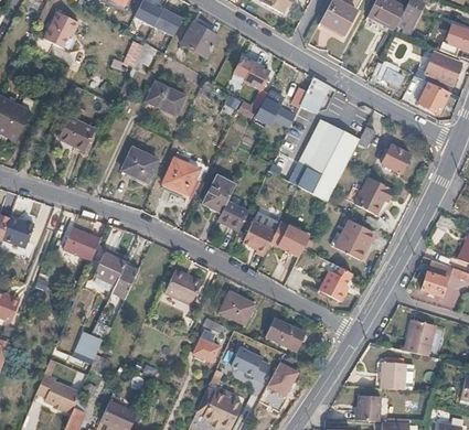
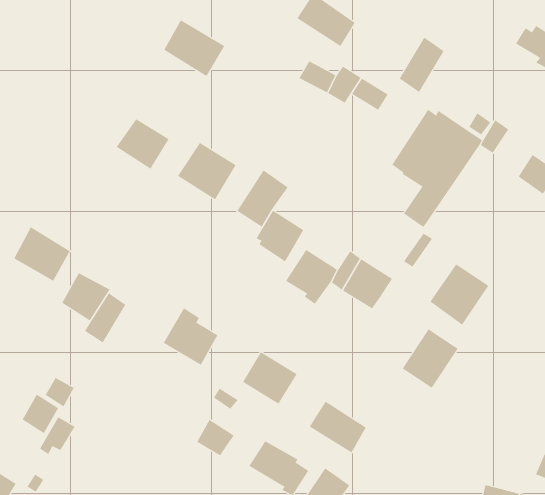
building: [62,116,98,151] -> none
building: [290,160,321,191] -> none
building: [356,175,396,213] -> none

